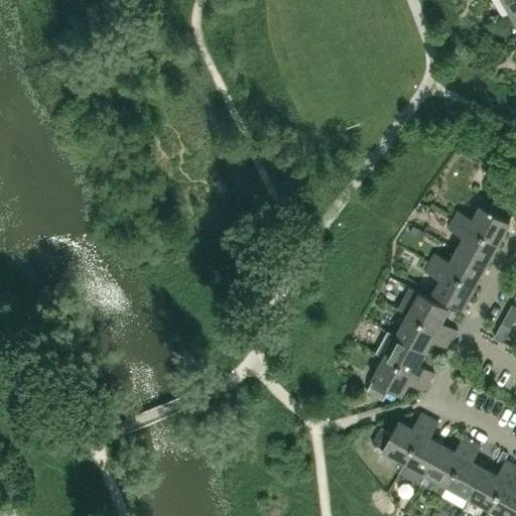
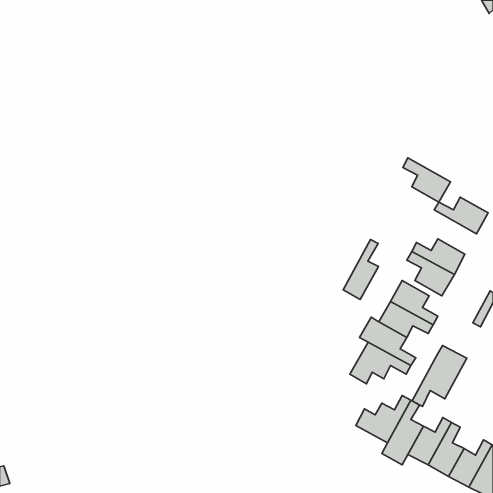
building: [447,220,497,266] -> [403,158,450,202]
building: none -> [343,239,378,300]
building: none -> [412,345,467,406]

